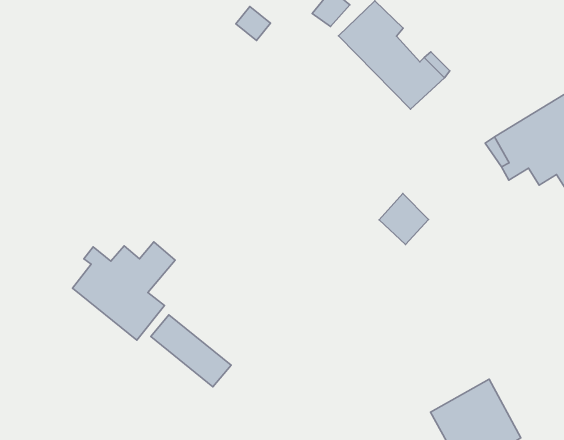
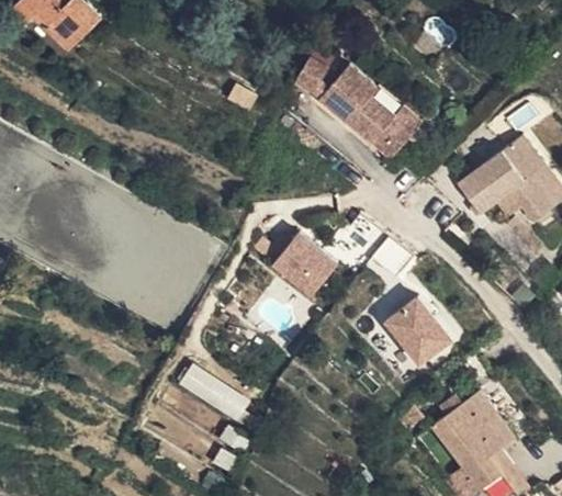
building: none -> [270,234,335,297]
building: [73,242,175,340] -> none
building: none -> [384,297,450,365]

